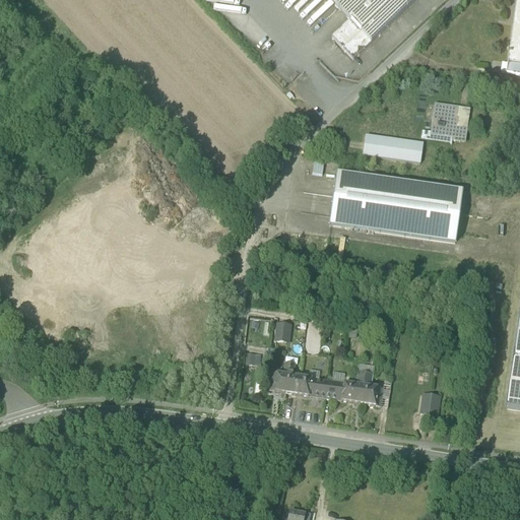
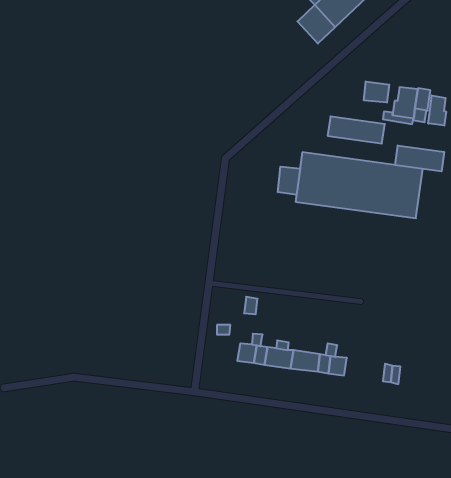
building: none -> [364,81,389,103]
building: none -> [428,95,446,126]
building: none -> [395,145,444,171]
building: none -> [278,167,300,195]

